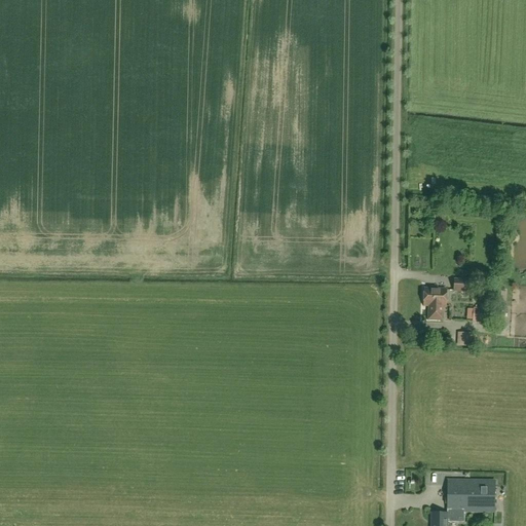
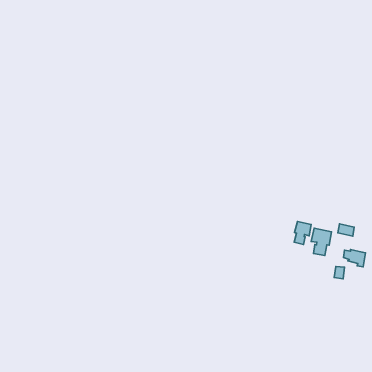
building: none -> [294,222,311,244]

